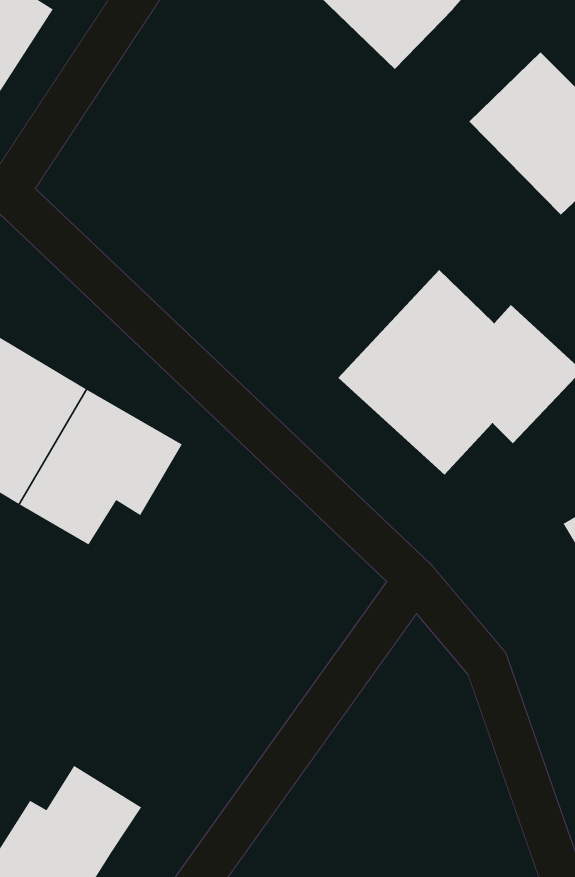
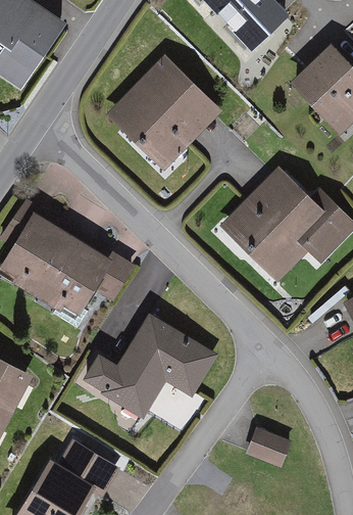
building: none -> [108,59,219,170]
building: none -> [81,312,216,419]
building: none -> [244,423,286,460]

